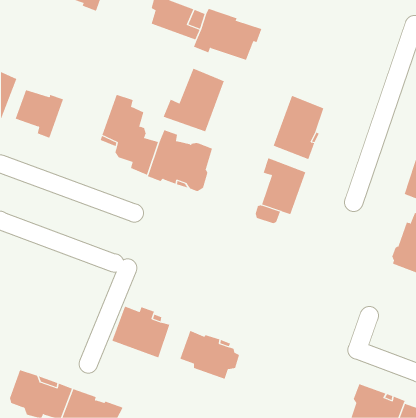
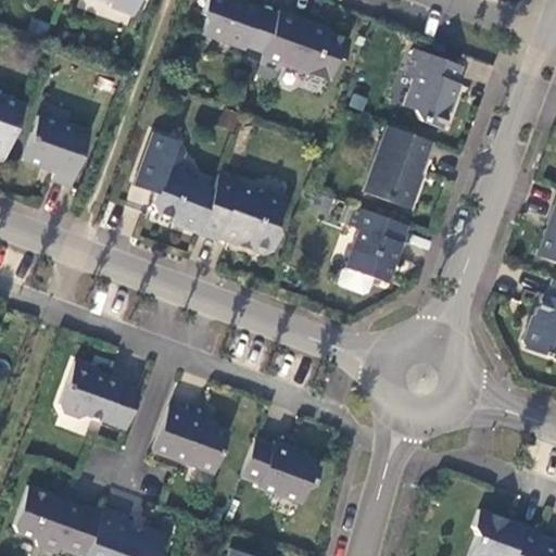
building: none -> [407,51,467,130]
building: [163,68,225,132] -> none
building: none -> [60,357,139,427]

